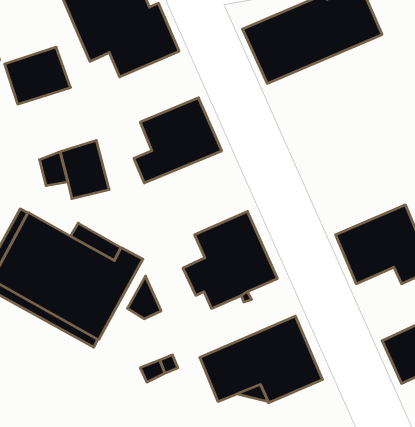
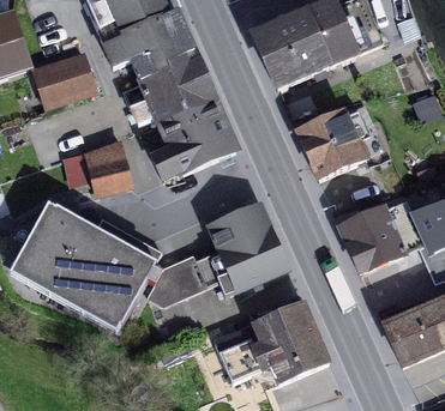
building: none -> [124,58,214,123]
building: none -> [297,103,374,179]
building: none -> [164,253,211,298]

